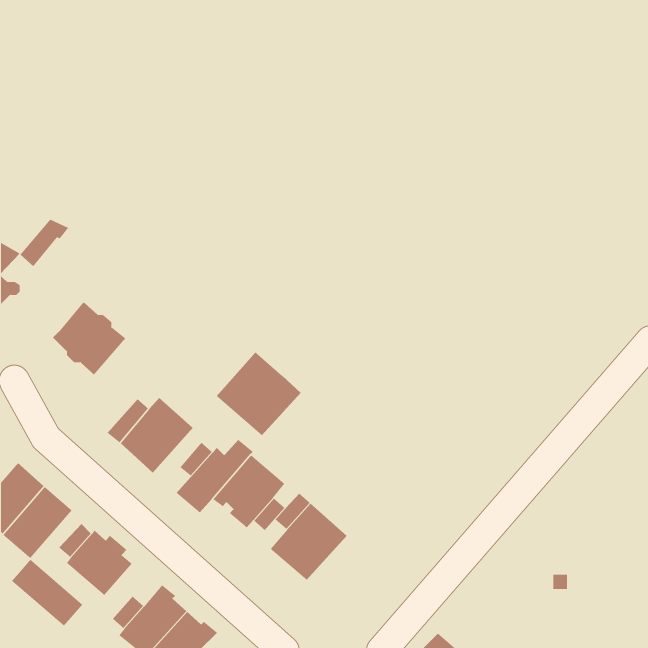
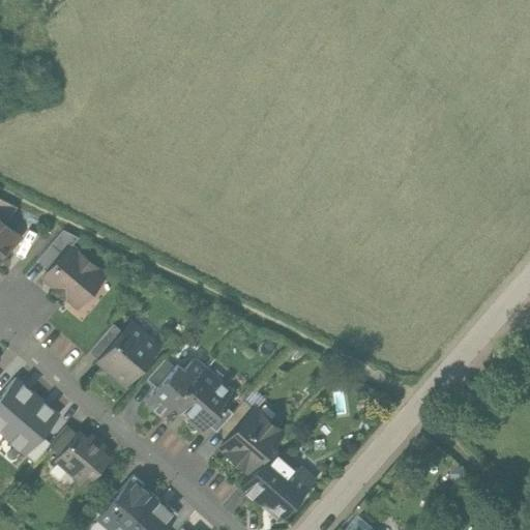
building: [19,219,69,267] -> [38,232,79,271]
building: [216,352,301,436] -> none
building: none -> [241,450,307,516]
building: [11,559,83,627] -> none

